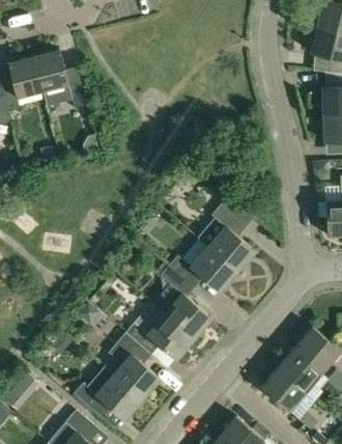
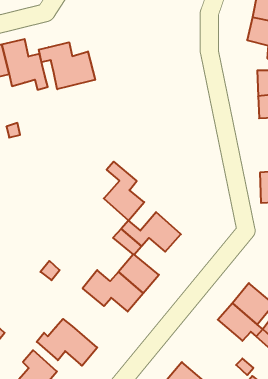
building: none -> [39,42,95,89]
building: [208,204,254,271] -> [104,162,144,220]
building: [108,332,160,398] -> none
building: [261,367,306,410] -> none

